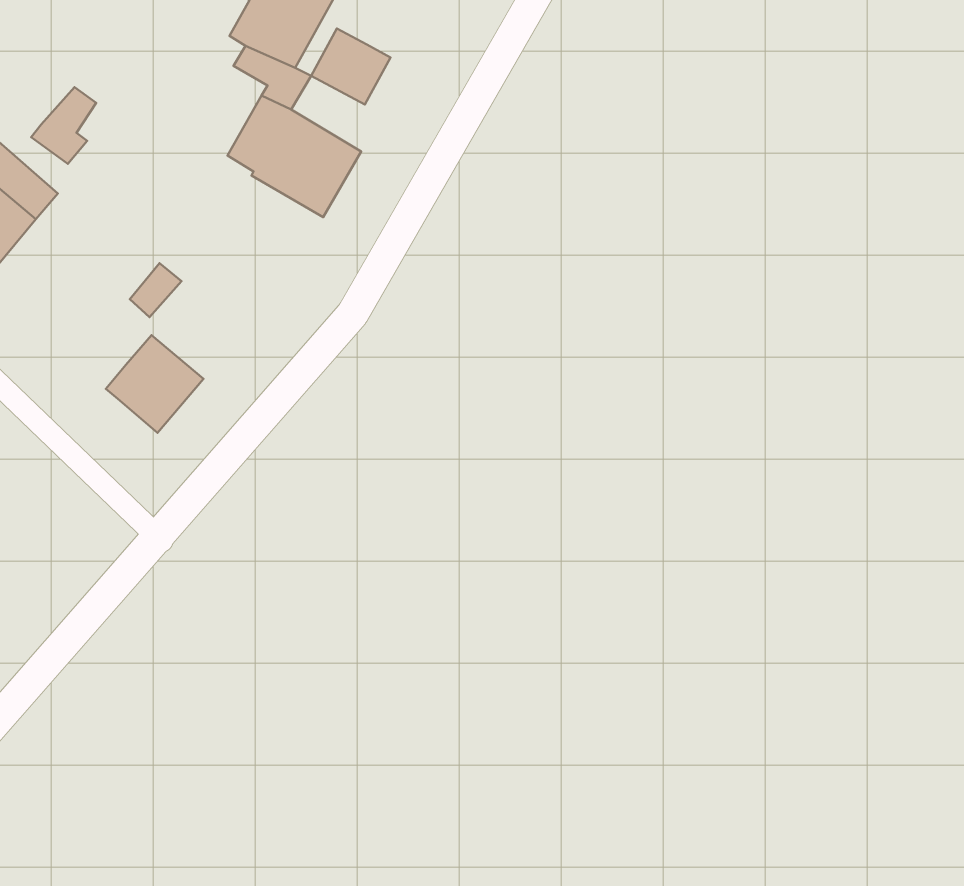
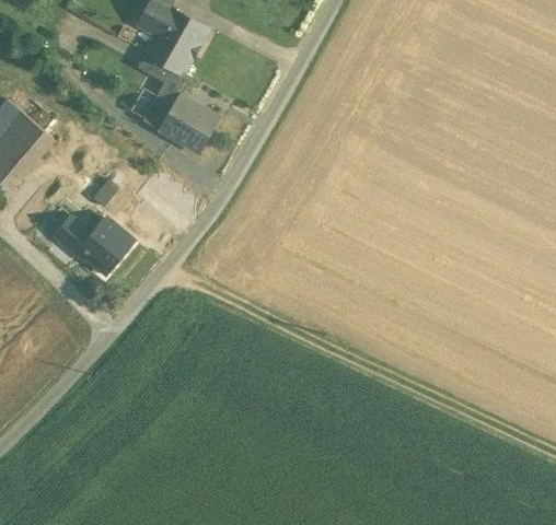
building: [311,29,390,105] -> none
building: [31,87,96,164] -> none
building: none -> [54,217,89,257]

